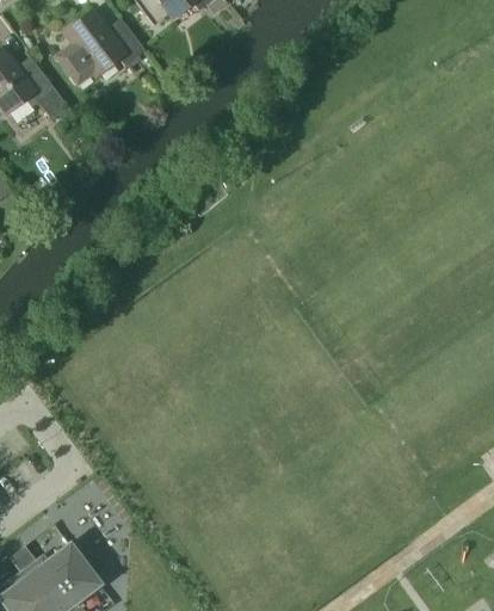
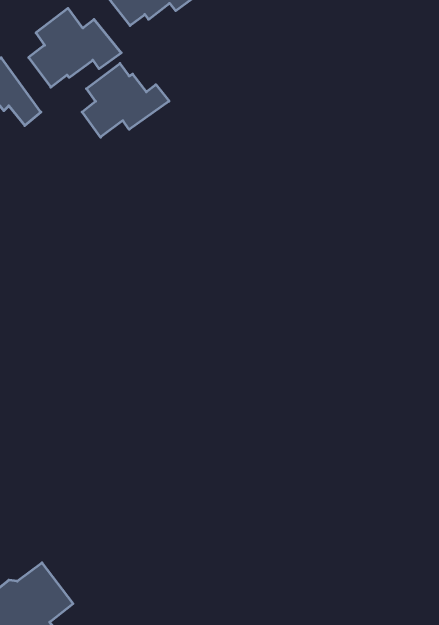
building: none -> [82,63,169,137]

